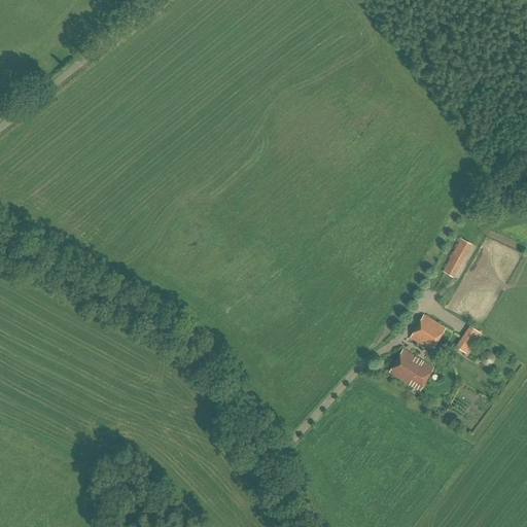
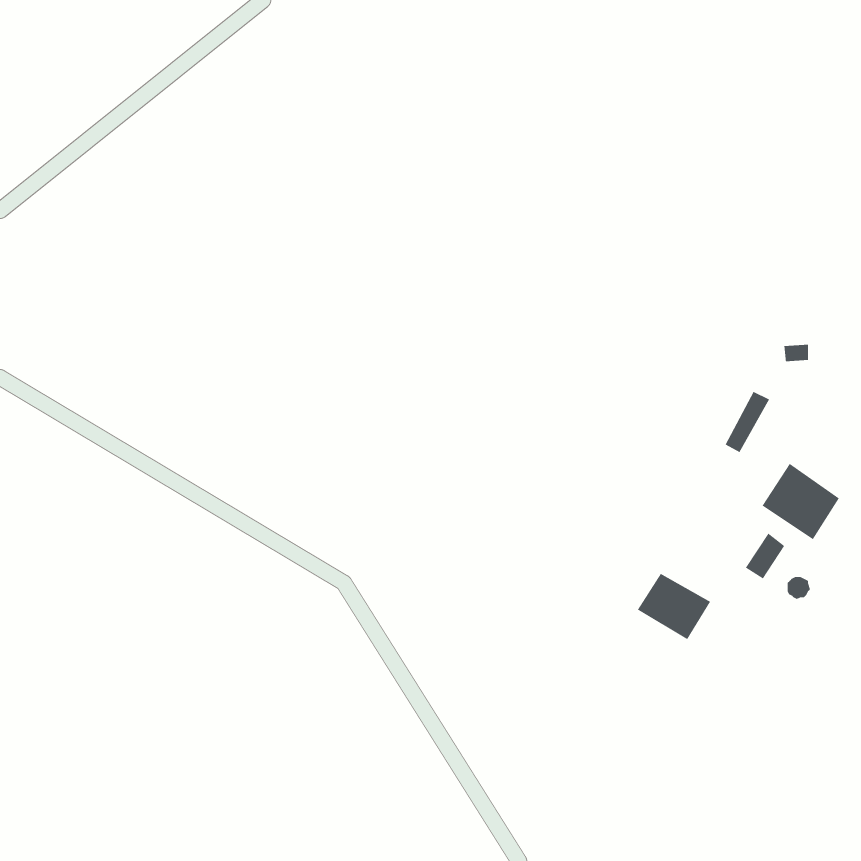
building: none -> [761,463,840,540]
building: [411,315,446,350] -> none

